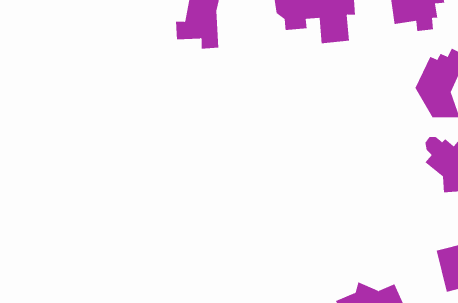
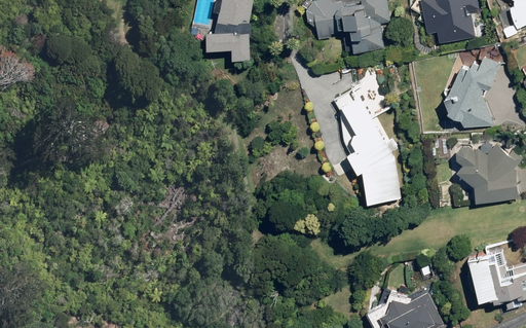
building: none -> [335,68,401,203]

